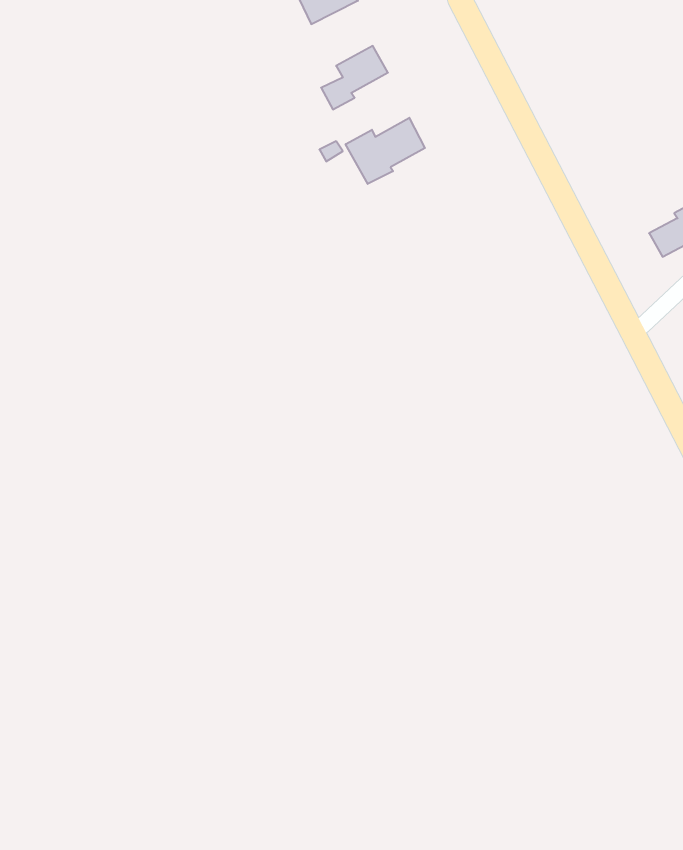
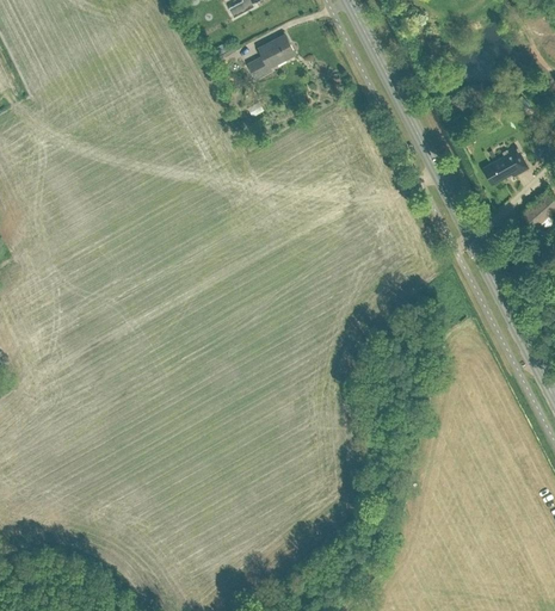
building: [346,118,425,184] -> none

